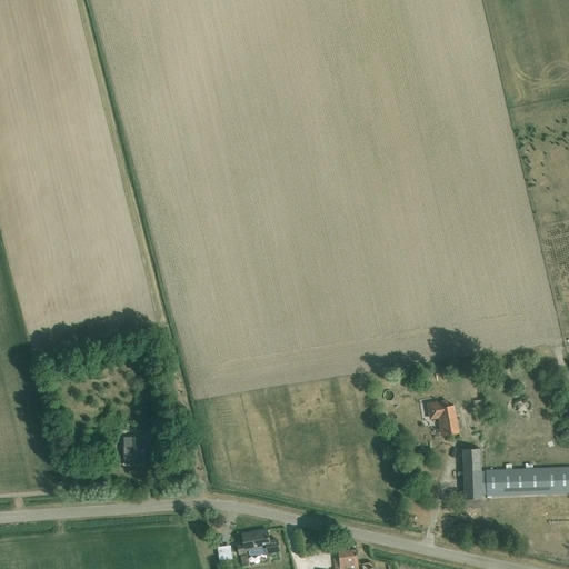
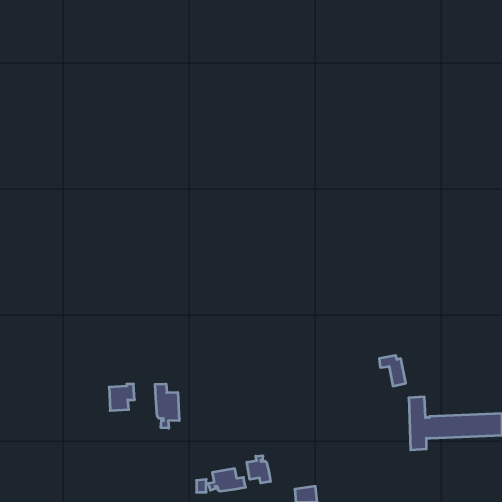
building: none -> [155,384,179,428]
building: none -> [247,456,270,483]

